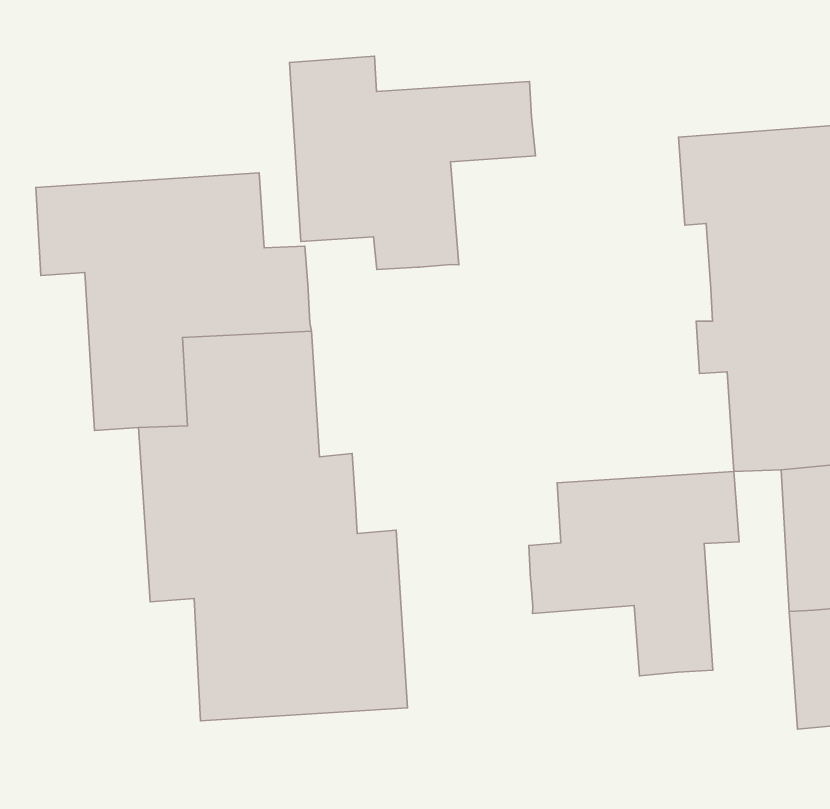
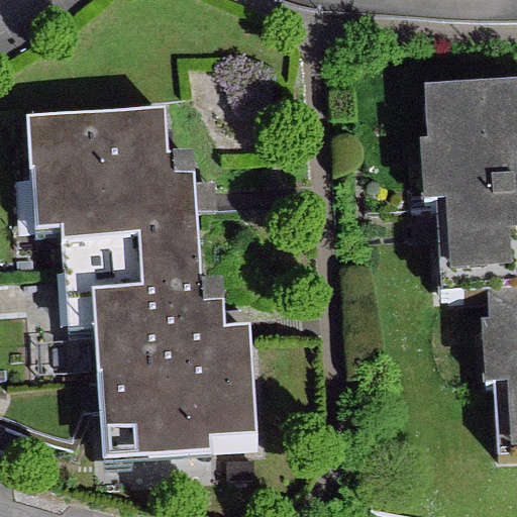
building: [289,56,536,270] -> none
building: [529,471,739,676] -> none

